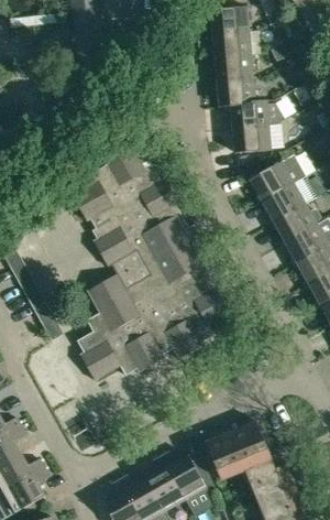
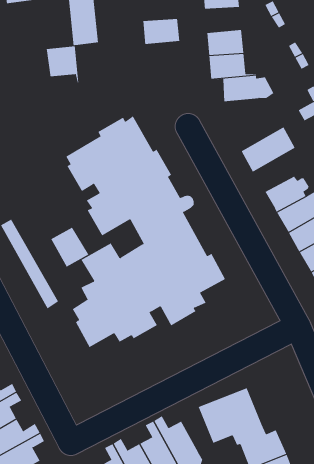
building: [212,32,251,58] -> [142,19,180,44]
building: none -> [46,46,79,83]
building: [232,126,271,153] -> none
building: [262,176,317,221] -> none
building: none -> [50,227,89,267]

